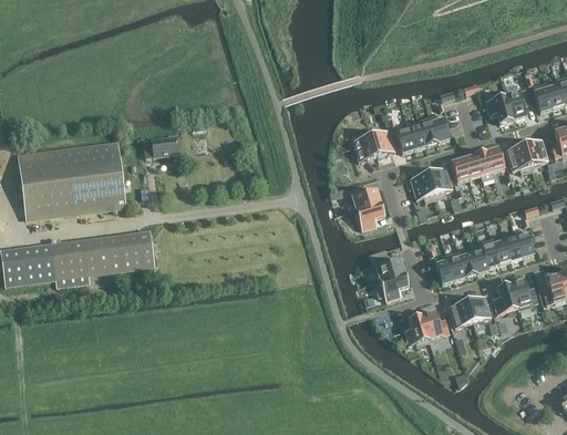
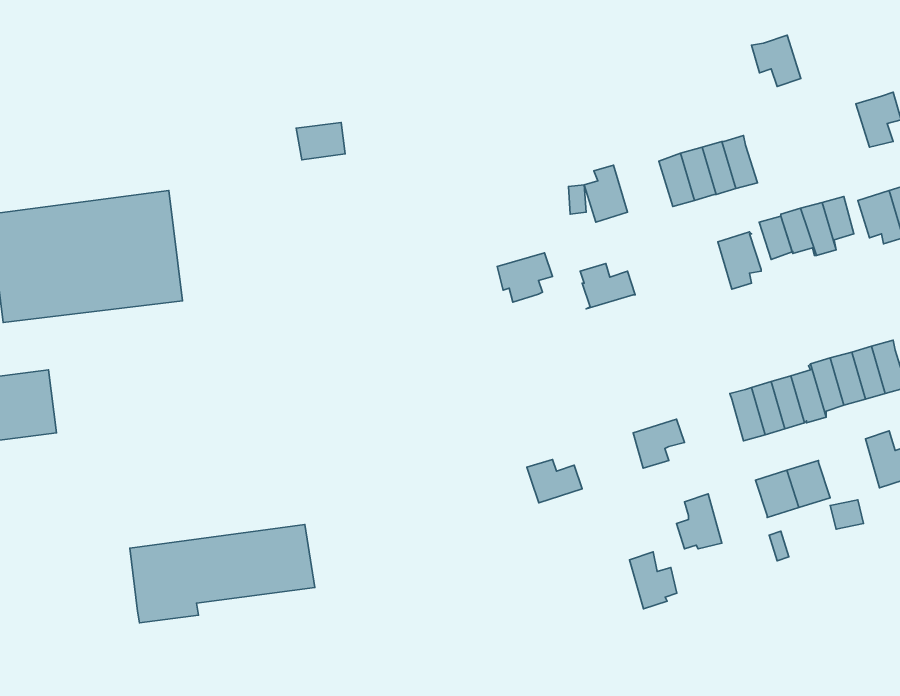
building: [485,94,513,123] -> [752,35,801,86]
building: [369,125,394,155] -> none
building: [151,135,178,156] -> [296,122,345,160]
building: [410,172,435,201] -> none
building: [353,201,384,229] -> [497,253,552,302]
building: [51,230,155,286] -> [130,524,315,623]
building: [373,255,404,279] -> [527,459,582,503]
building: [493,282,518,313] -> none
building: [422,309,449,341] -> [630,552,677,609]

